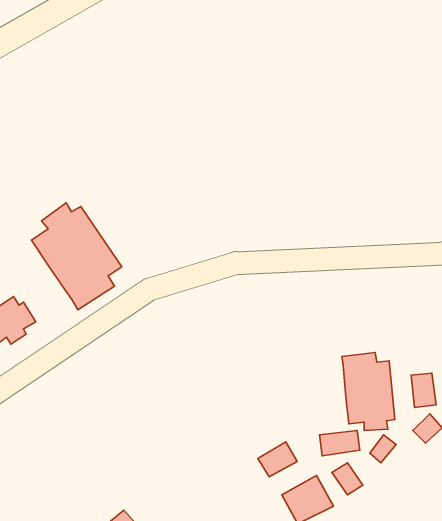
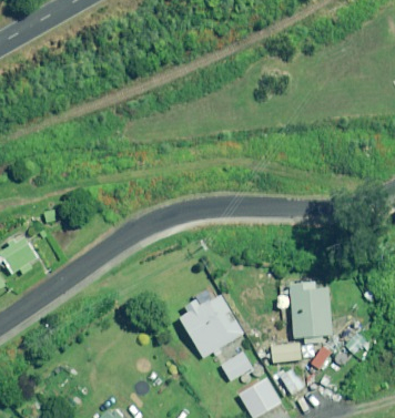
building: [32,203,122,310] -> none
building: none -> [180,294,243,357]
building: [411,373,436,407] -> none

